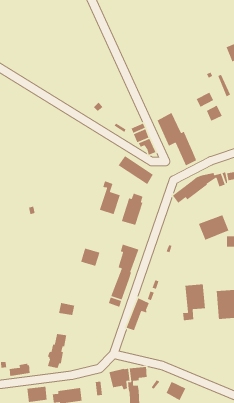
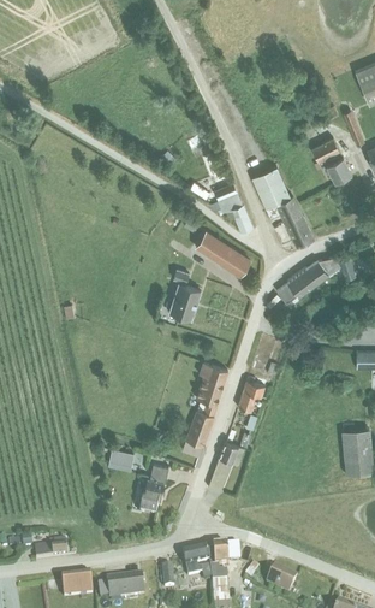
building: [121,192,144,226] -> none
building: [198,214,230,241] -> none
building: [80,247,100,267] -> none
building: none -> [237,377,264,412]
building: [182,284,206,321] -> none
building: [47,333,67,369] -> [138,464,168,516]

